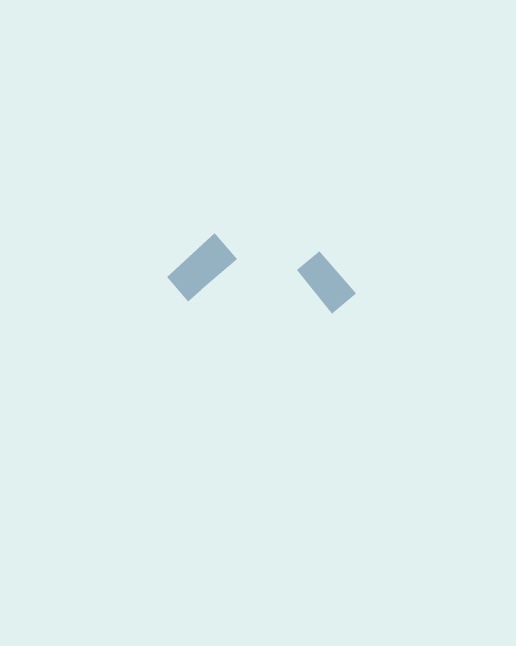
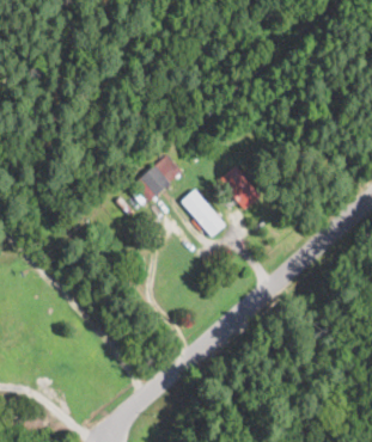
building: none -> [181,190,224,237]

